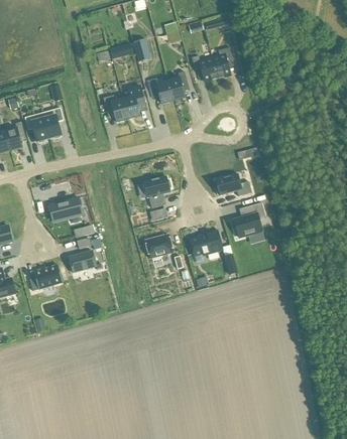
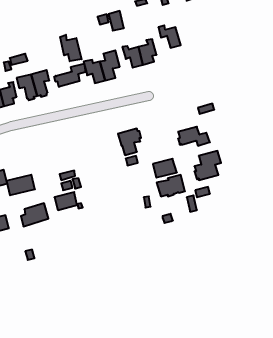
building: [211,45,232,78] -> none
building: none -> [60,35,82,61]
building: none -> [54,63,86,87]
building: [48,197,82,222] -> [7,175,35,195]
building: [144,234,172,256] -> [153,159,177,178]

